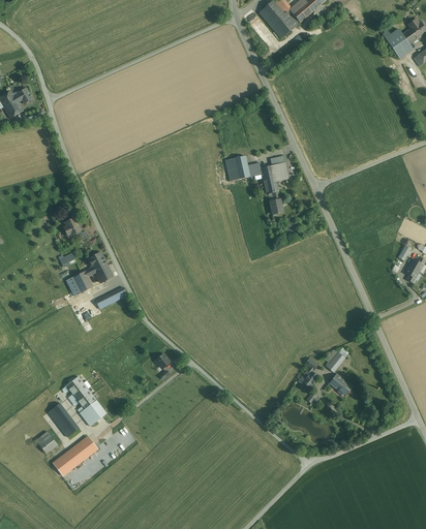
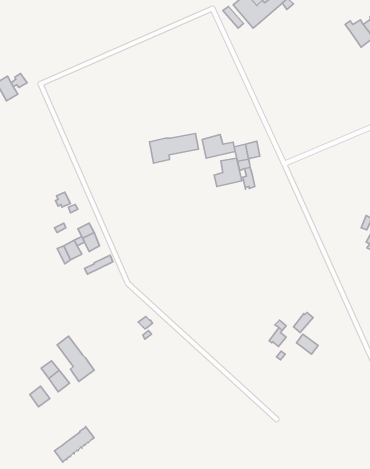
building: none -> [149,133,199,163]
building: none -> [214,158,242,186]
building: [53,436,96,475] -> [55,427,94,462]

